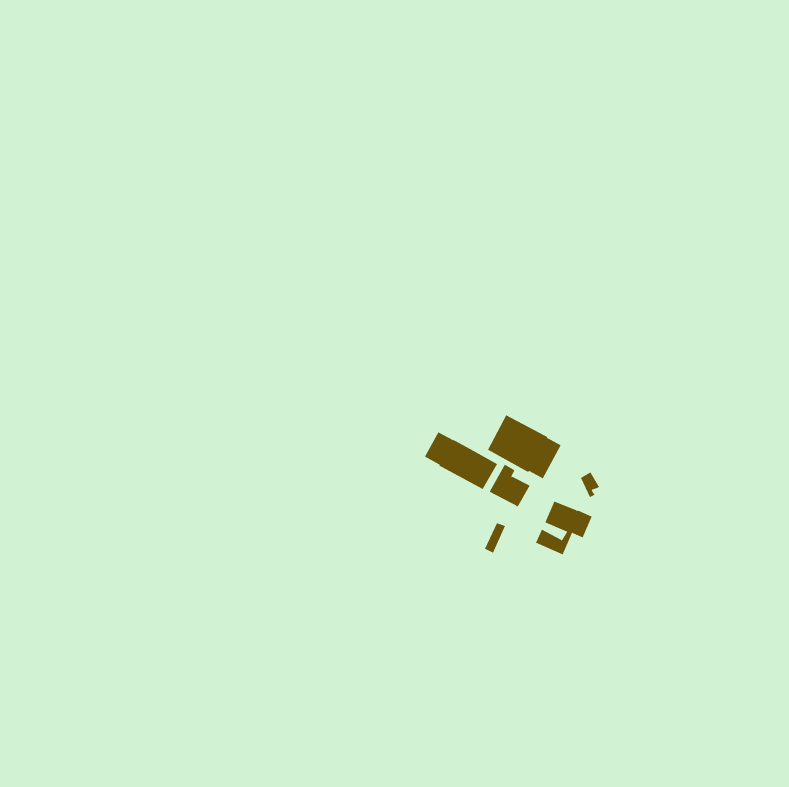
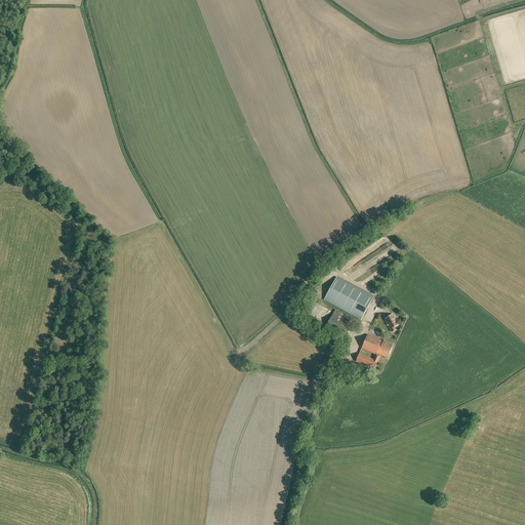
building: [424,431,498,490] -> none

